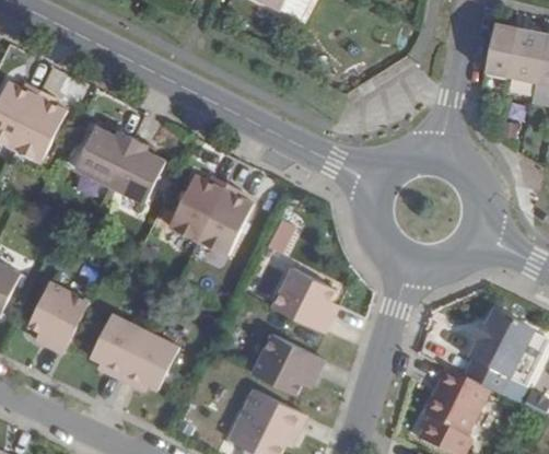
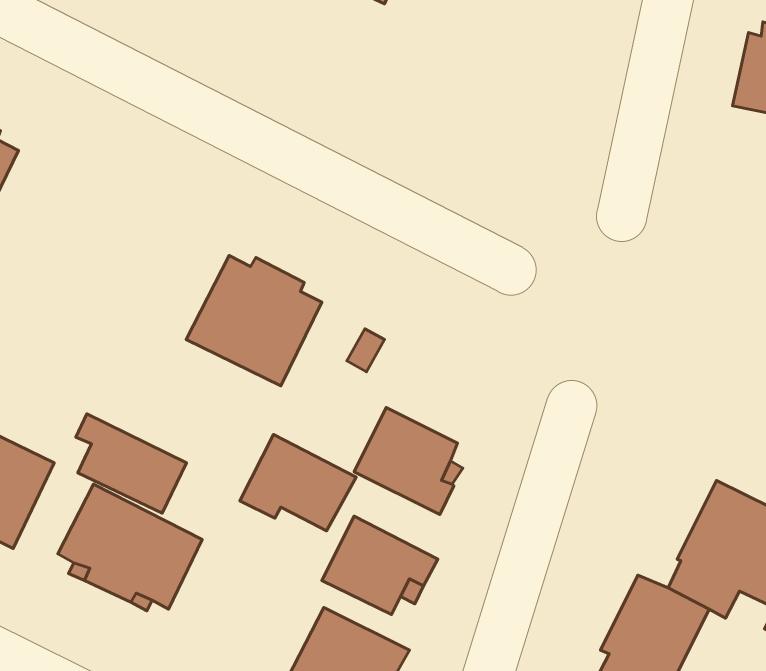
building: [479,25,514,82] -> none
building: [74,125,166,202] -> none
building: none -> [76,414,187,513]
building: none -> [240,434,356,531]

